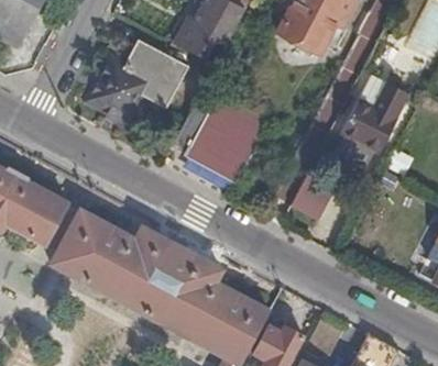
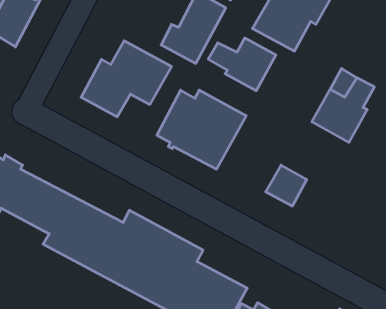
building: none -> [208,38,276,91]

